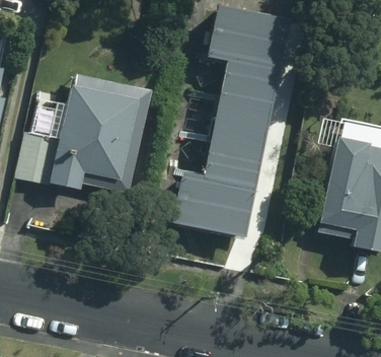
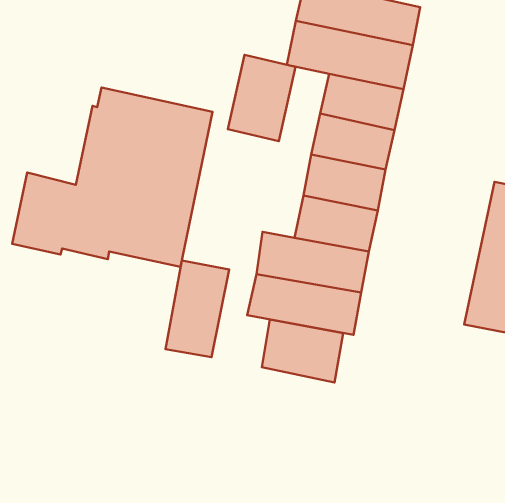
building: none -> [228,55,295,141]
building: none -> [166,261,229,357]
building: none -> [262,319,343,382]

